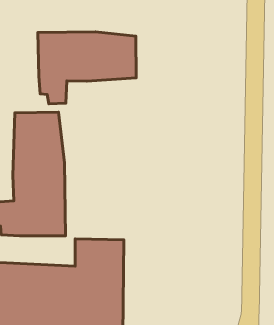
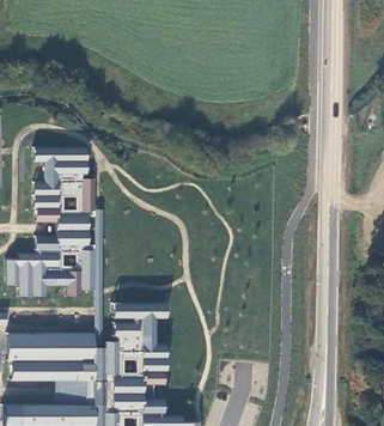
building: [38,32,136,104] -> none

